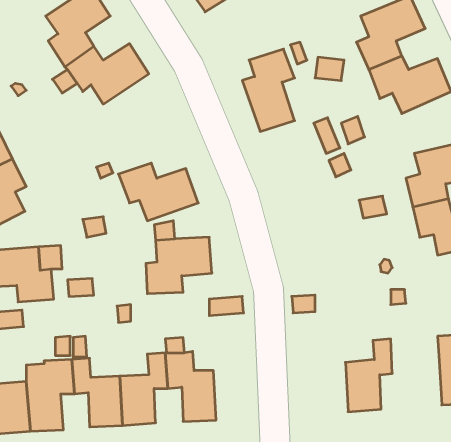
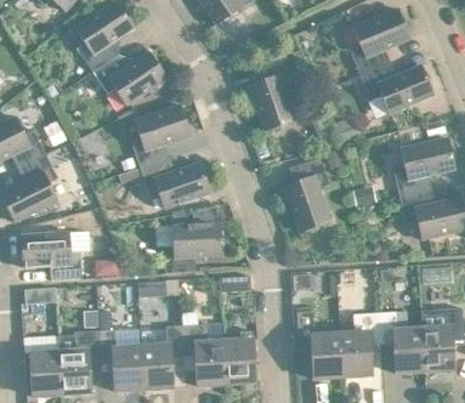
building: none -> [131,104,191,166]
building: none -> [284,157,330,231]
building: none -> [296,311,342,378]
building: none -> [380,311,425,373]
building: none -> [223,337,255,384]

